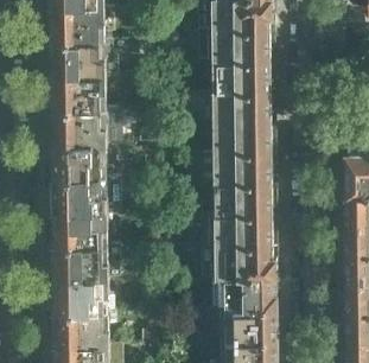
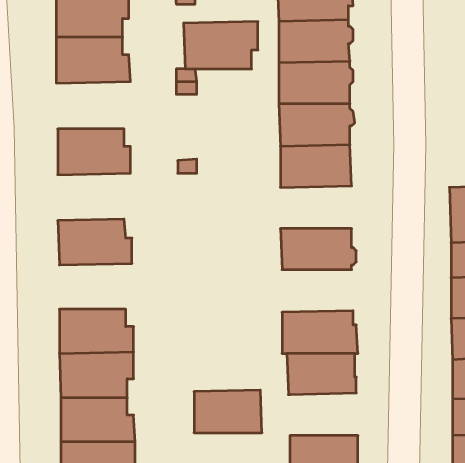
building: [50,75,106,110] -> [184,22,258,69]
building: [51,144,107,179] -> none
building: [218,153,274,185] -> none
building: [52,211,107,246] -> none
building: [220,216,275,248] -> none
building: [225,308,276,340] -> [194,390,262,433]

